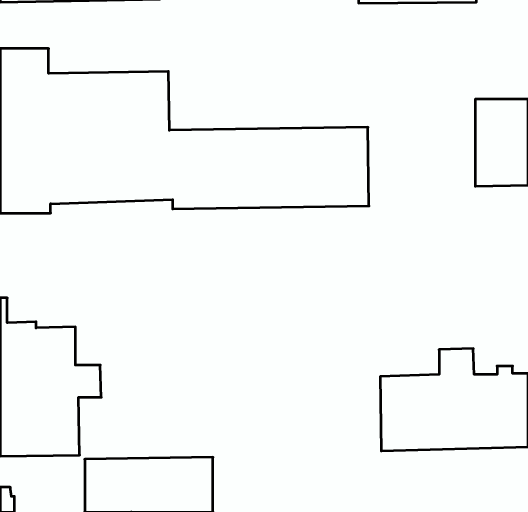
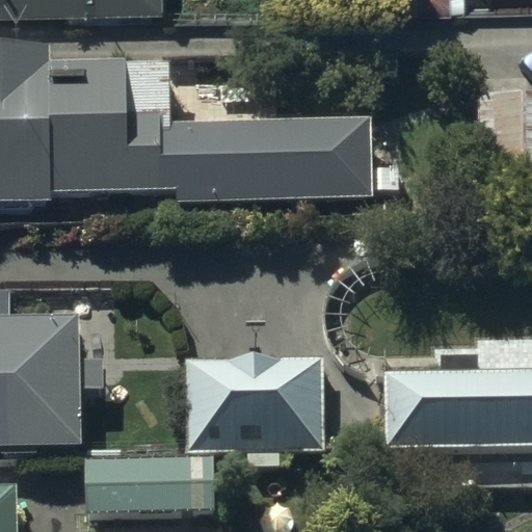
building: none -> [164,353,320,468]

